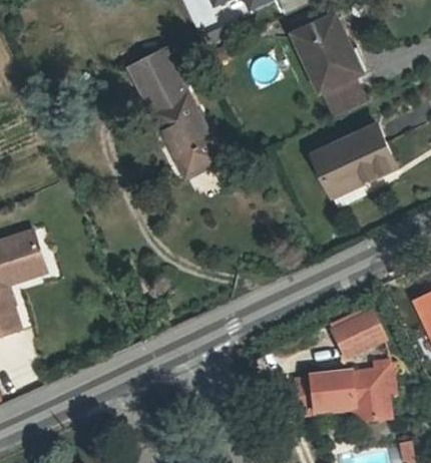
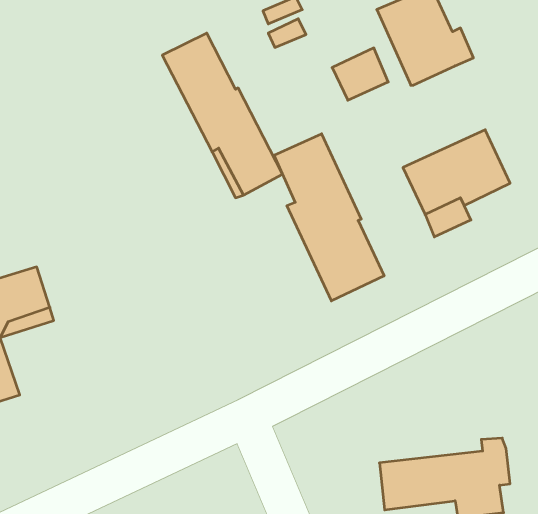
building: [322,74,365,114] -> [332,48,388,100]
building: none -> [274,134,384,301]
building: [332,311,384,357] -> none

